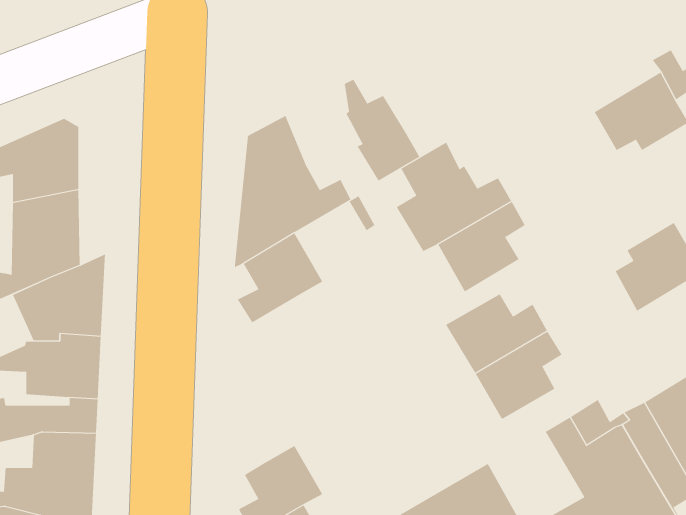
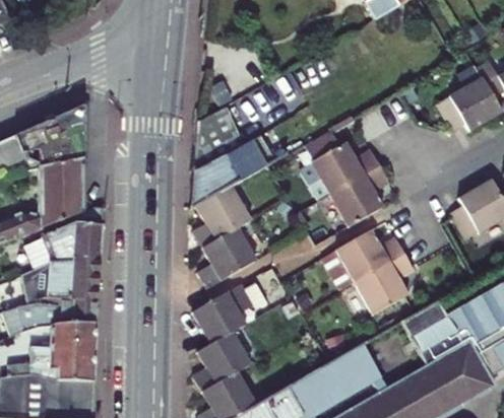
building: [344,79,420,182] -> none
building: none -> [198,227,255,287]
building: none -> [192,284,252,343]

